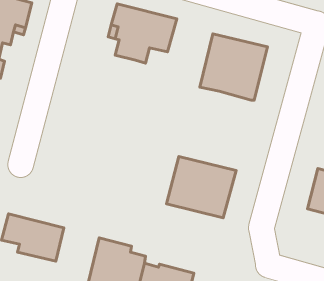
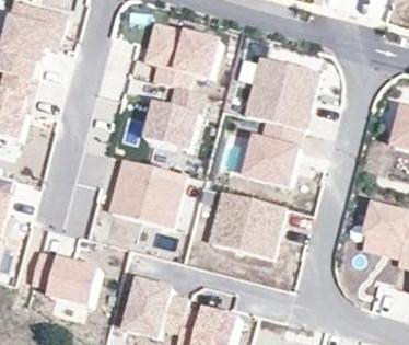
building: none -> [144,85,203,151]
building: none -> [243,119,300,186]
building: none -> [108,158,184,227]

